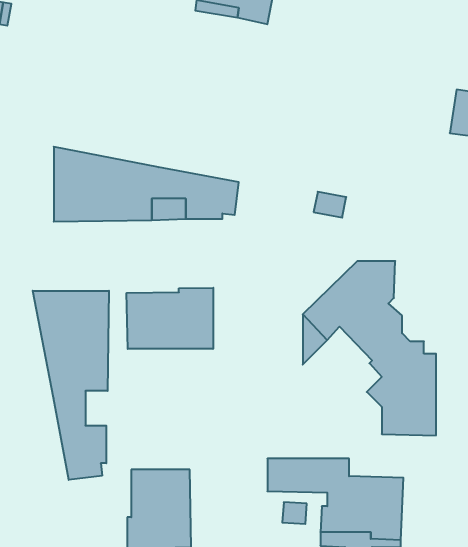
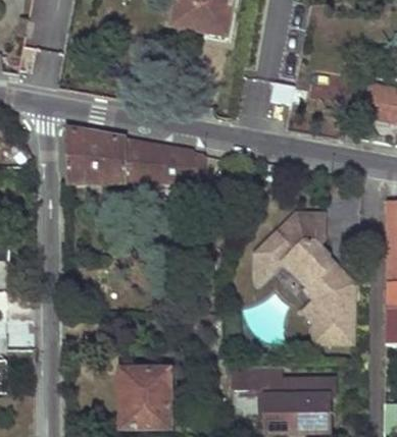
building: [127,288,213,349] -> none
building: [33,291,109,480] -> none

